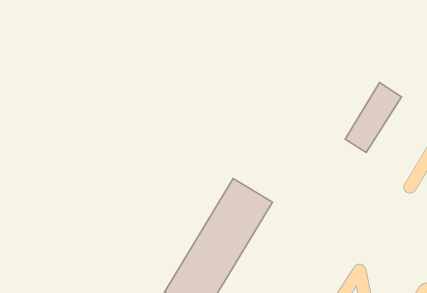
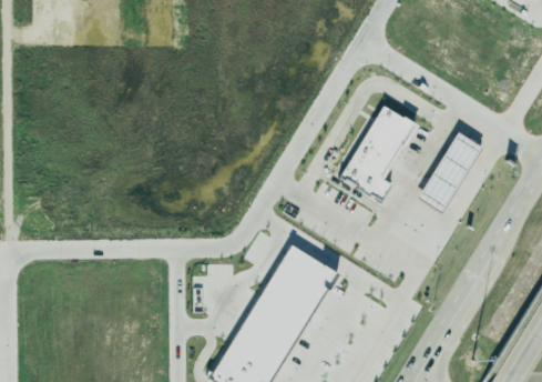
building: none -> [341,102,418,201]

